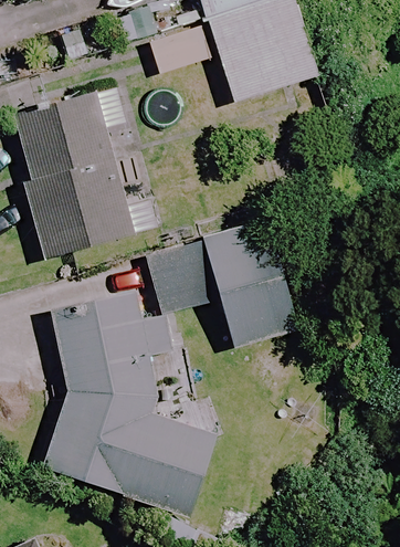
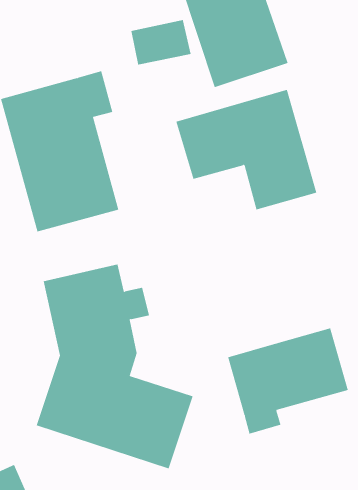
building: [147,217,301,348] -> [175,89,317,210]
building: none -> [227,328,348,435]

